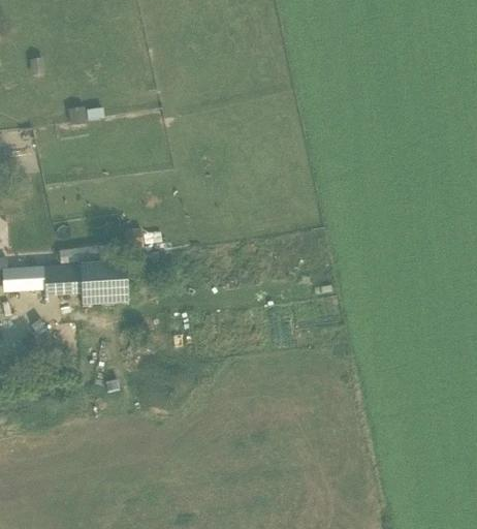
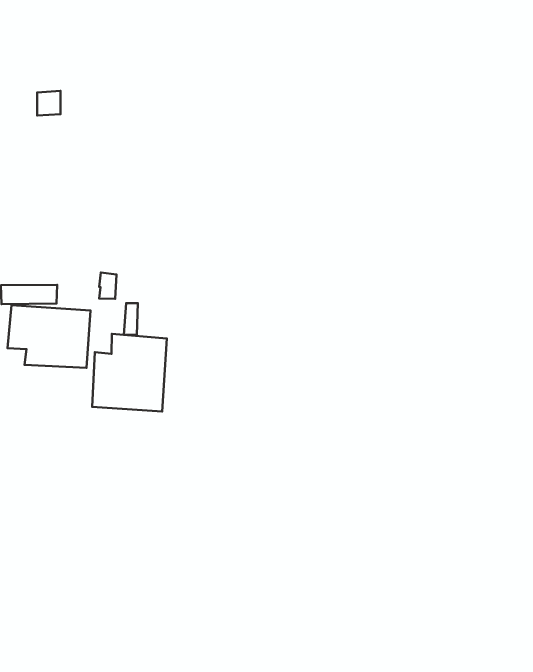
building: none -> [92,334,167,411]

